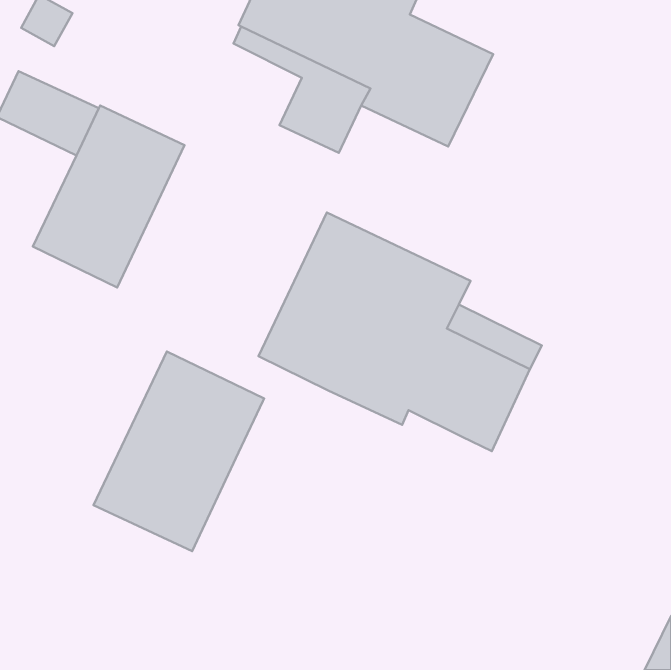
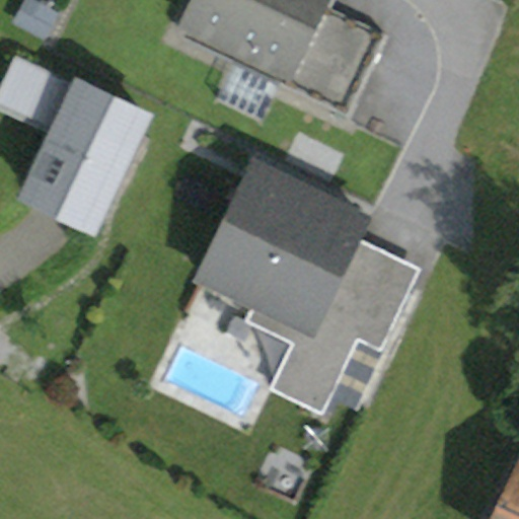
building: [94,352,264,551] -> none
building: none -> [243,300,355,410]

